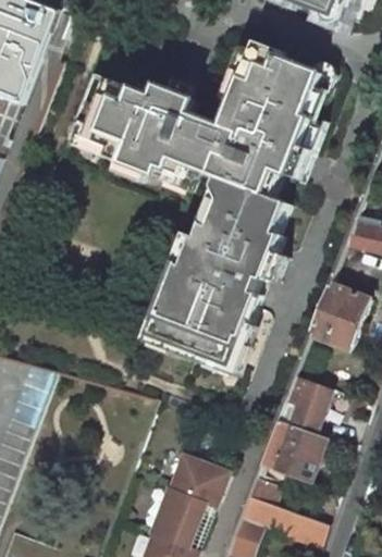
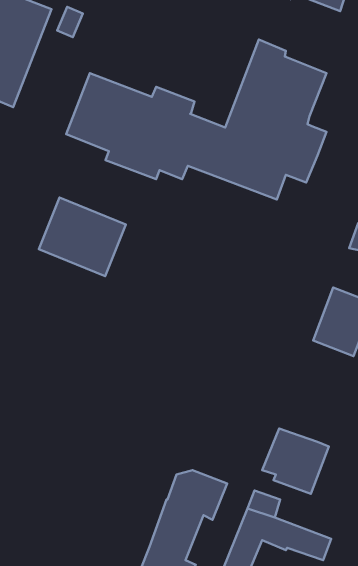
building: [155,176,291,364] -> none
building: none -> [39,197,126,276]
building: [285,374,330,431] -> none

